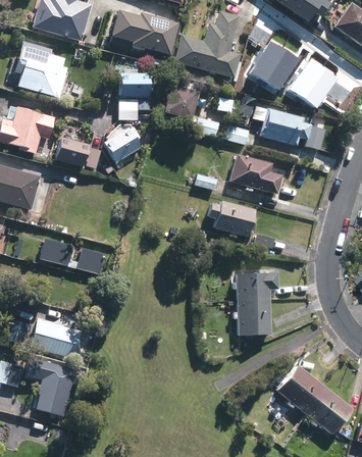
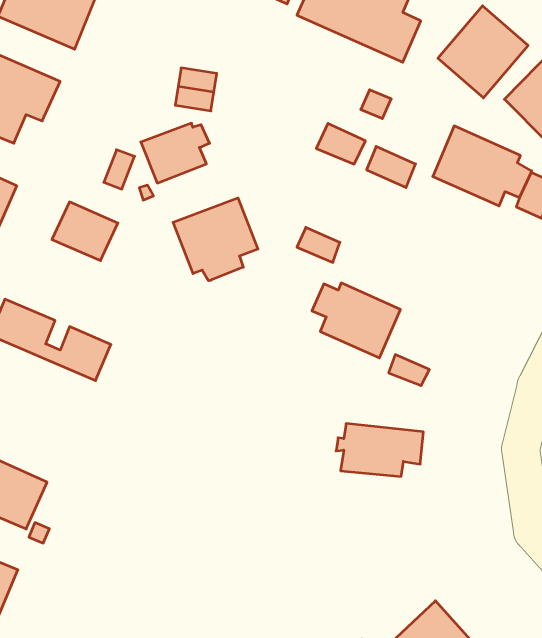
building: [119,73,152,96] -> none
building: [164,85,199,118] -> none
building: [54,138,88,166] -> [52,202,118,261]
building: [227,154,281,194] -> none
building: none -> [173,198,258,281]
building: [232,298,269,335] -> none

